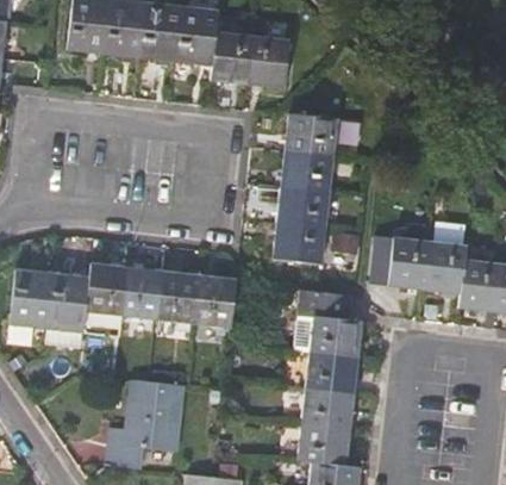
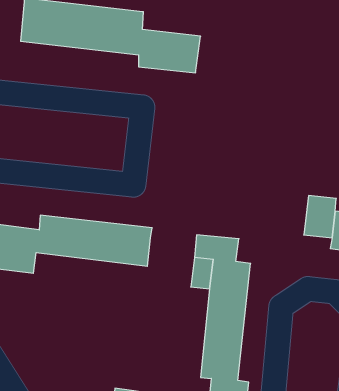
building: [280,116,338,262] -> none
building: [380,236,423,287] -> none
building: [102,375,181,467] -> none

